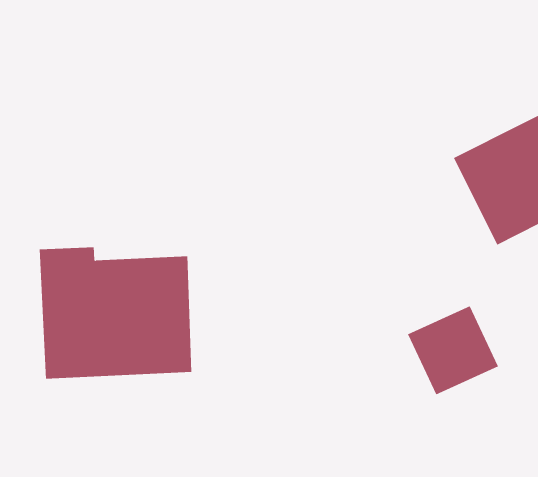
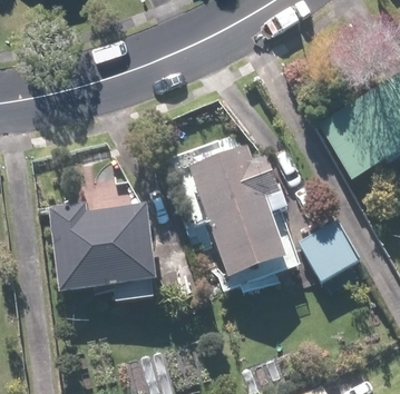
building: none -> [188,145,287,278]

